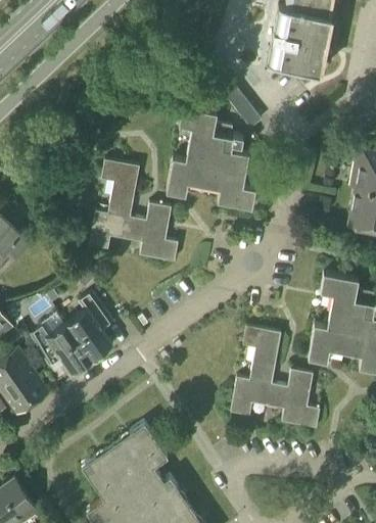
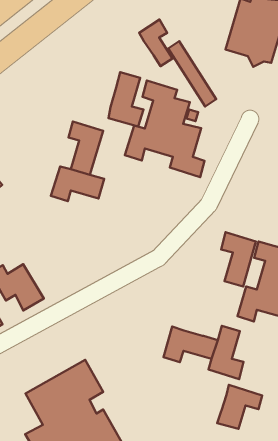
building: none -> [139,20,173,66]
building: [141,203,179,262] -> [109,72,143,127]
building: [65,292,112,360] -> none
building: [243,326,281,384] -> [221,232,256,287]
building: none -> [217,385,262,429]

